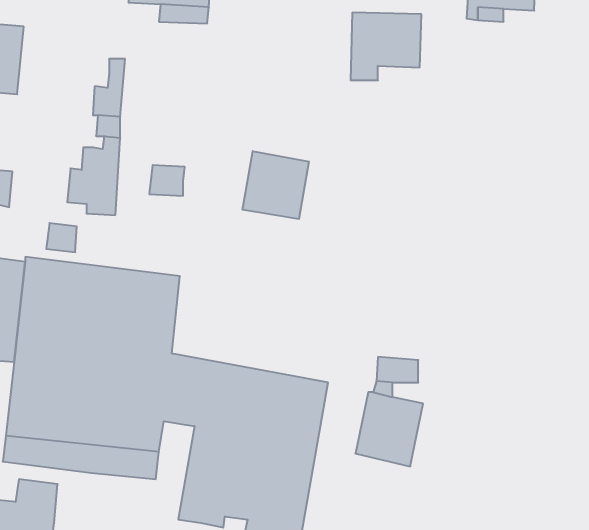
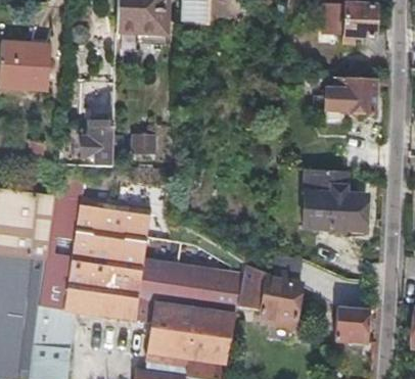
building: [351,13,421,80] -> [327,78,372,121]
building: [243,151,309,219] -> none
building: none -> [304,171,366,234]
building: none -> [335,306,368,344]

